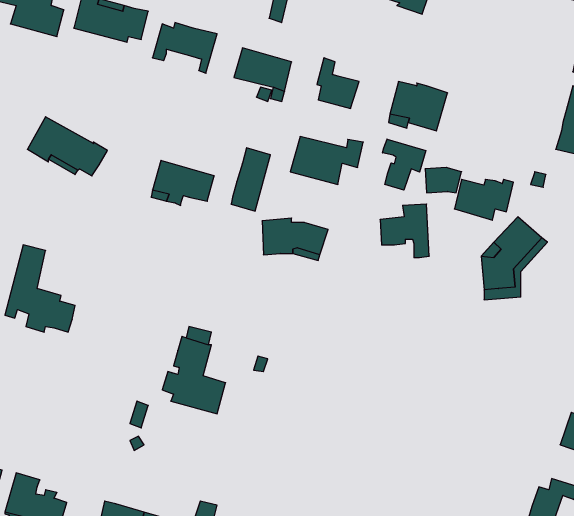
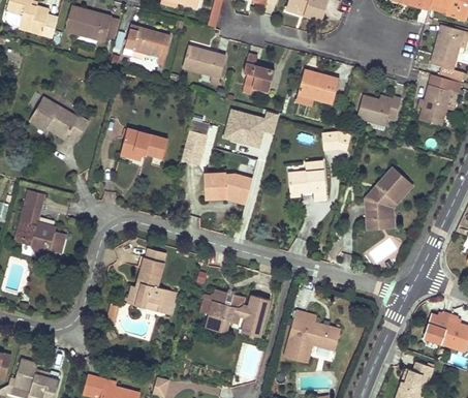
building: [383,139,426,190] -> none
building: [454,179,513,220] -> [356,95,400,125]
building: none -> [200,289,270,340]
building: none -> [285,311,340,362]

